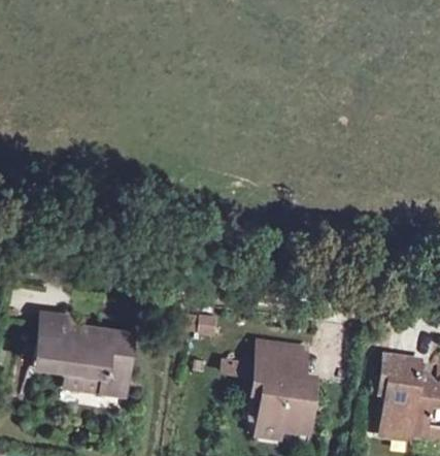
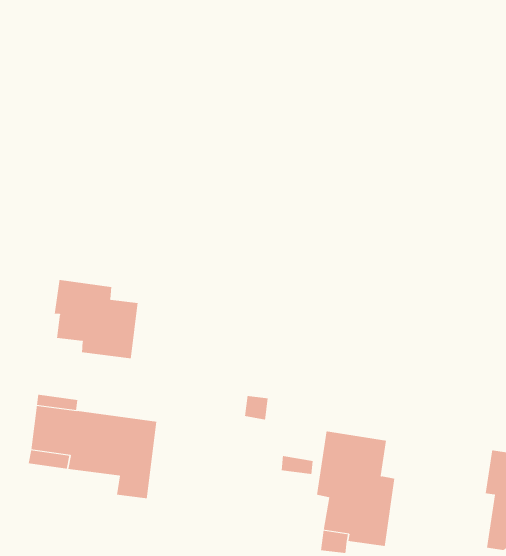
building: none -> [54,279,138,359]

